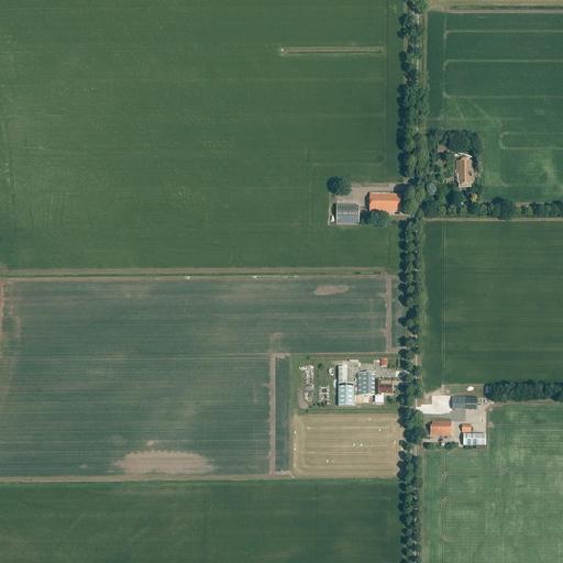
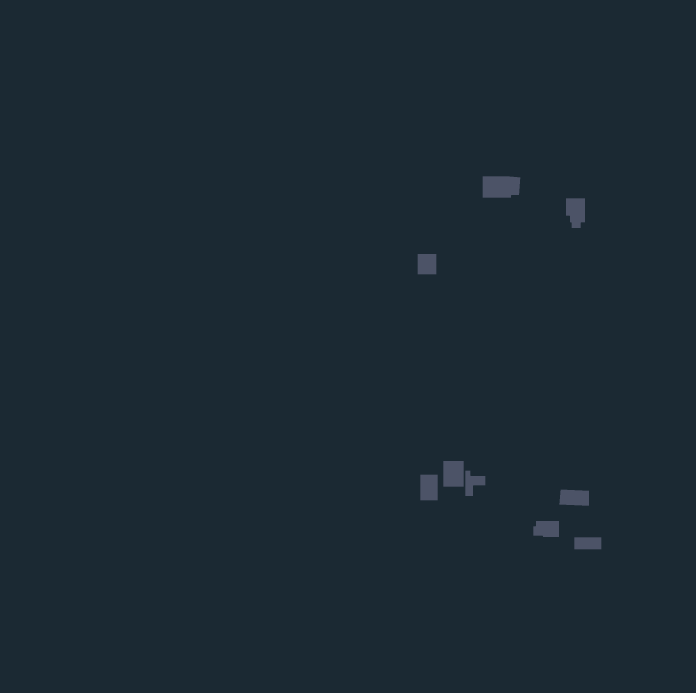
building: [369,192,401,211] -> [482,175,521,199]

